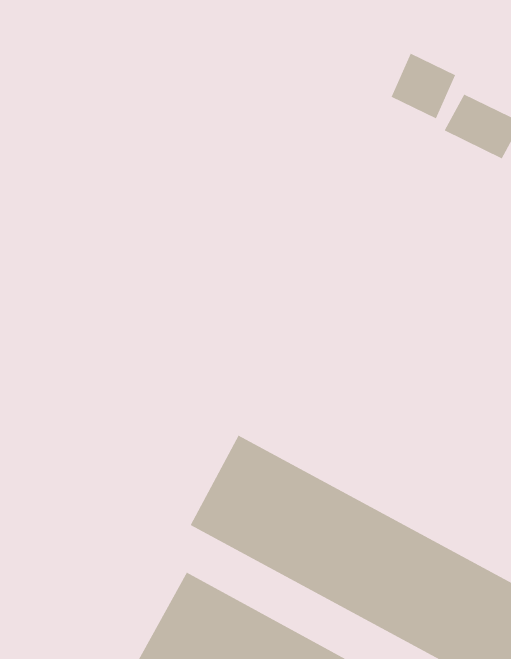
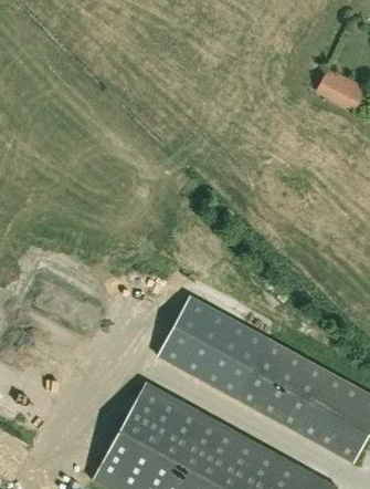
building: [391,53,456,119] -> none

